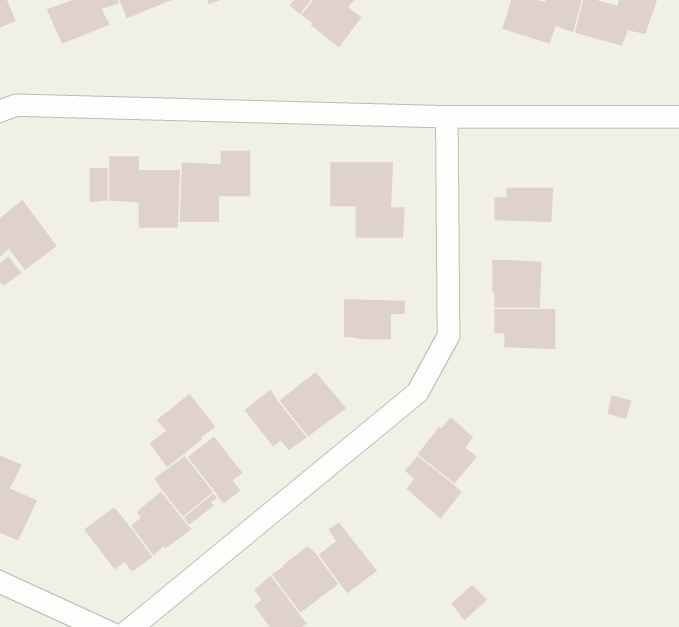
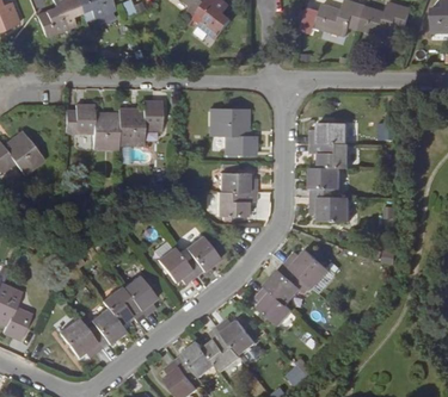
building: none -> [311,143,349,168]
building: none -> [221,172,257,192]
building: [148,393,217,468] -> none
building: none -> [284,249,330,287]
building: none -> [216,317,256,355]

